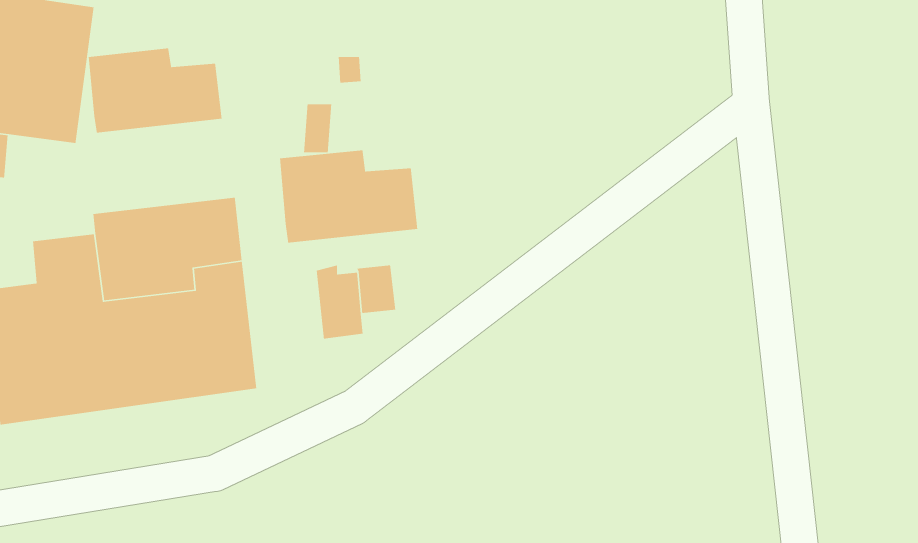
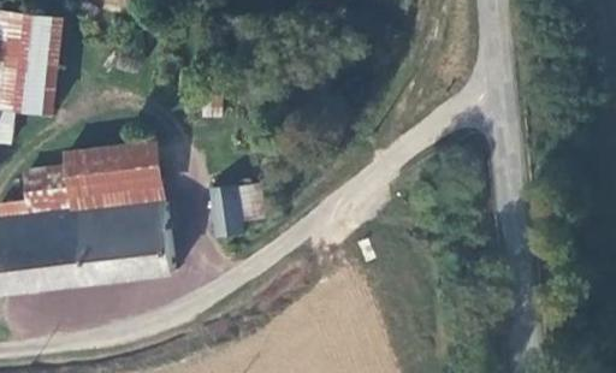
building: [88,47,222,134] -> none
building: [279,150,418,243] -> none

